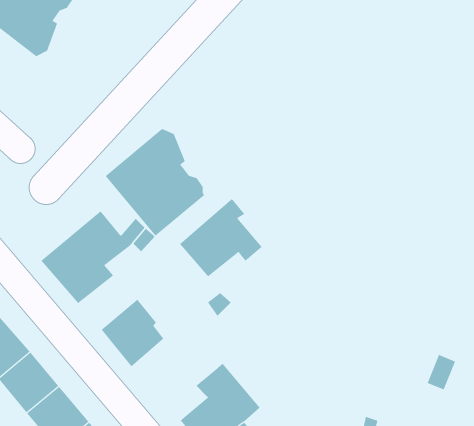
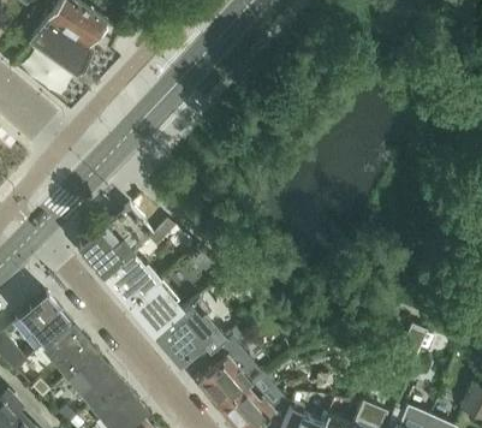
building: [105,128,205,236] -> none
building: [179,198,262,277] -> [155,297,225,363]
building: none -> [111,260,160,304]

